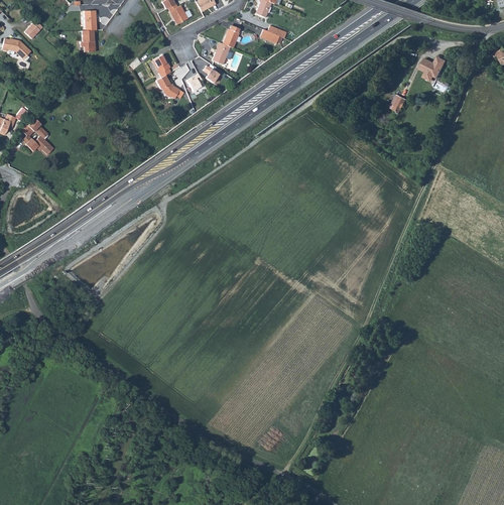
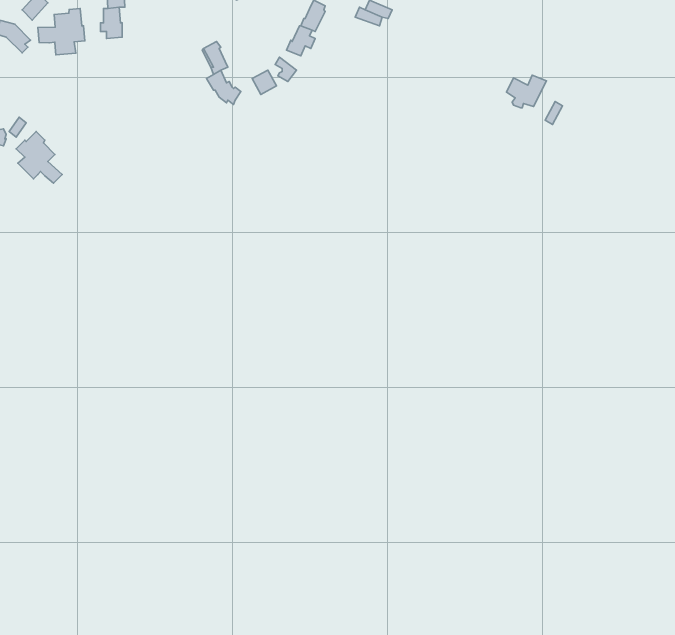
building: none -> [38,8,85,55]
building: [420,55,449,79] -> [506,75,546,108]

